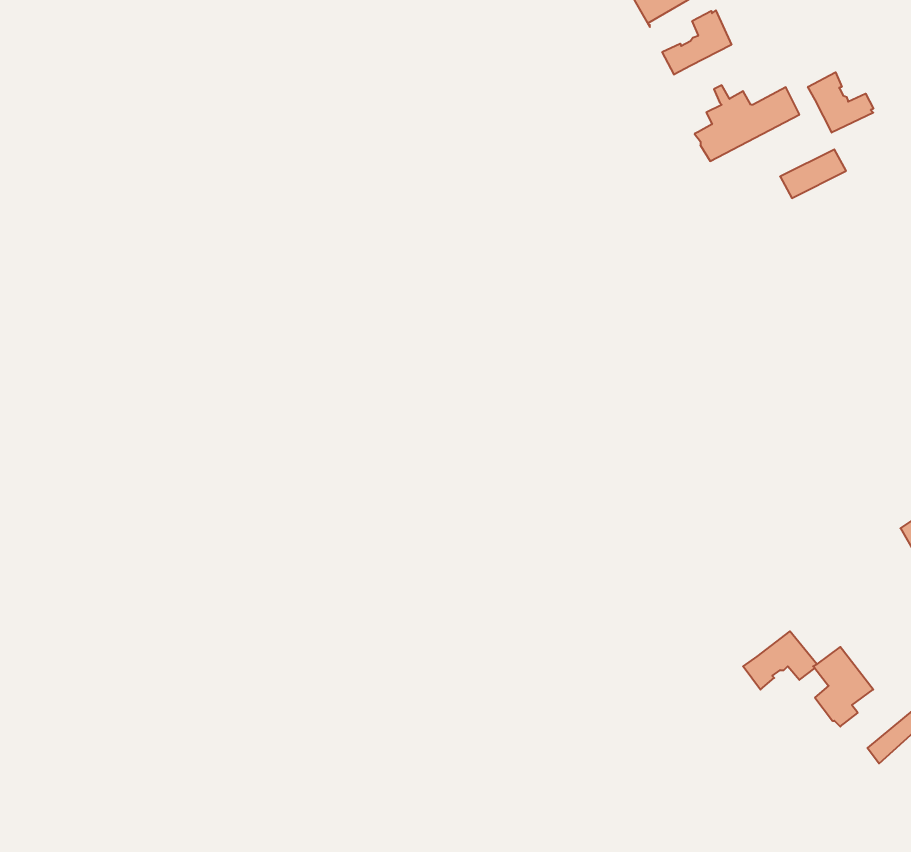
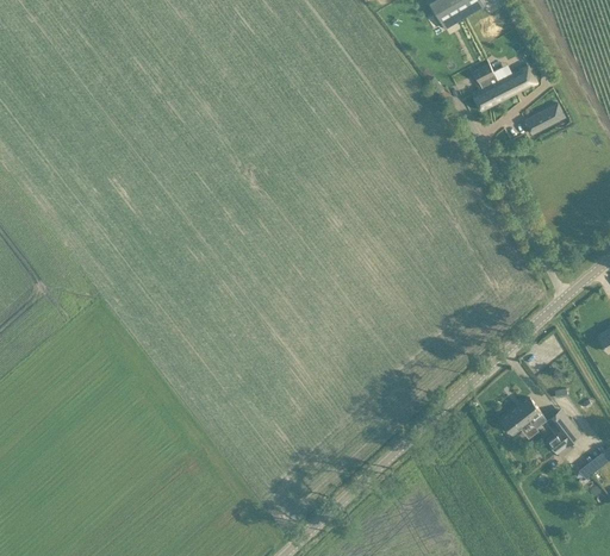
building: [662,10,731,75] -> none
building: [808,72,873,133] -> none

